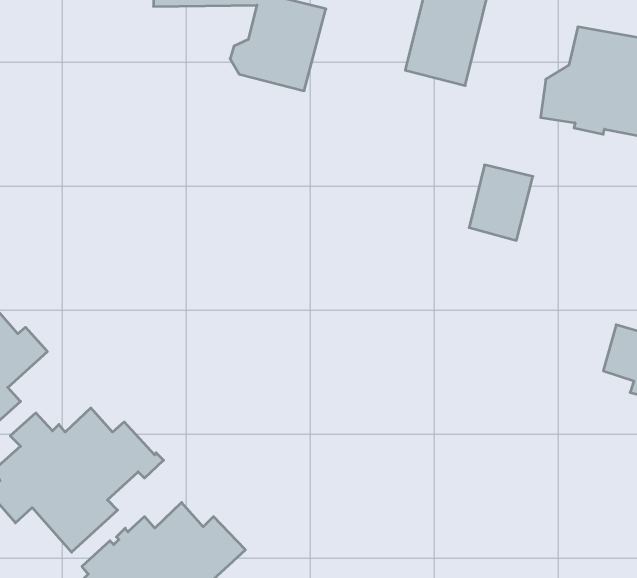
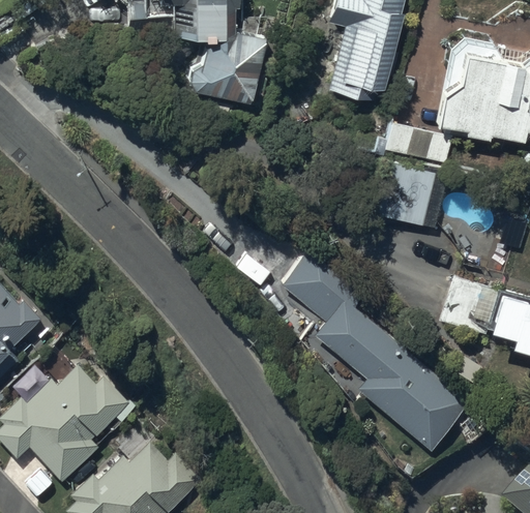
building: none -> [387,123,452,164]
building: none -> [282,250,471,452]

